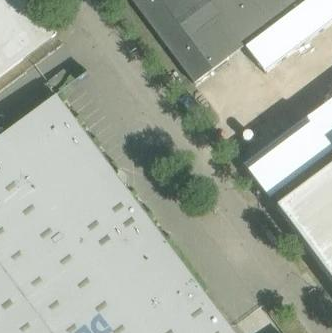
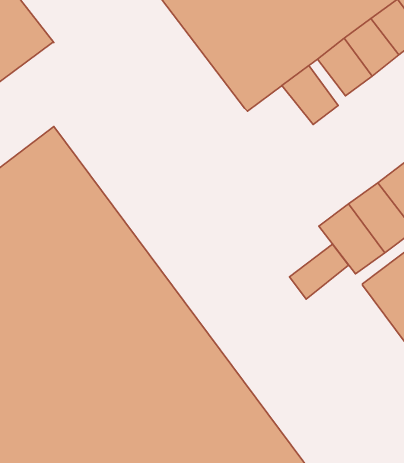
building: none -> [282,66,338,125]
building: none -> [289,244,349,299]

